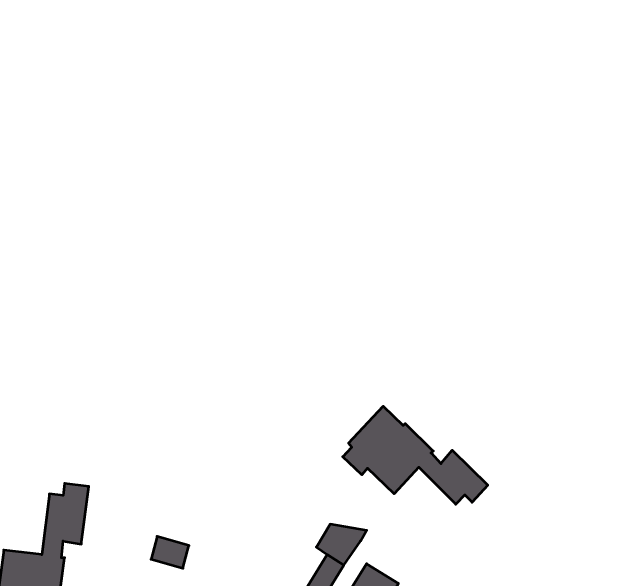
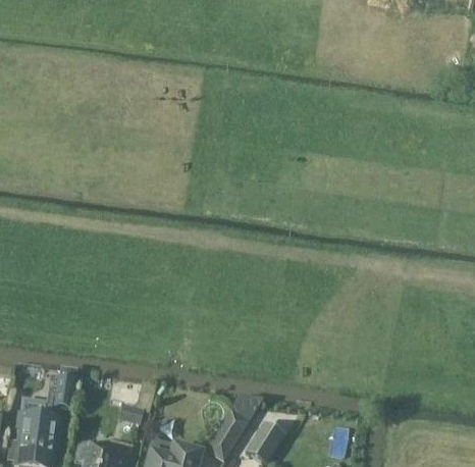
building: [343,406,488,504] -> none

